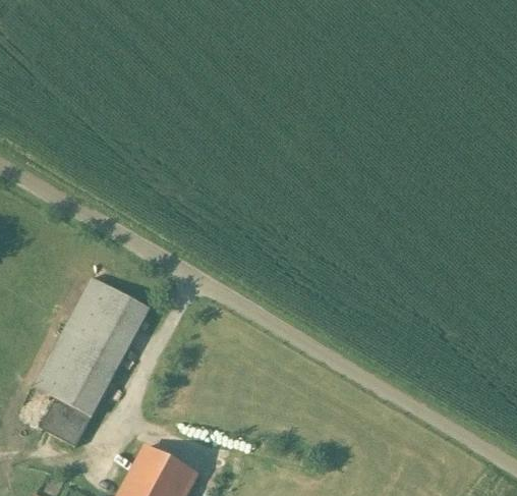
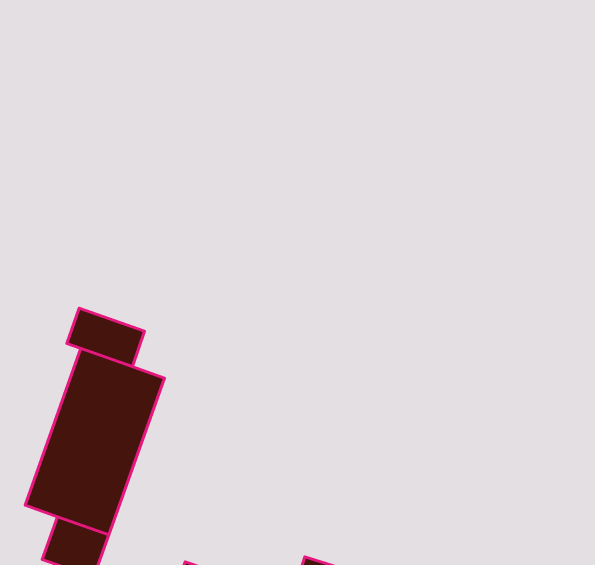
building: none -> [67,308,145,367]

